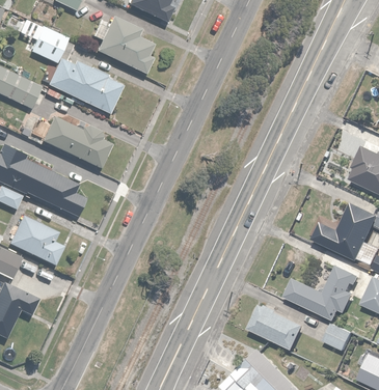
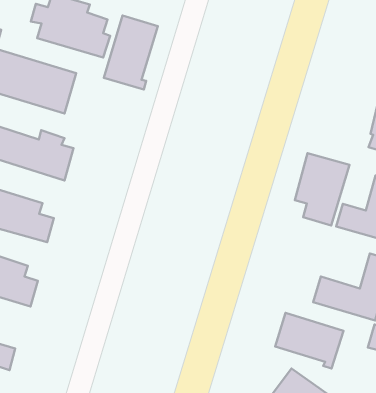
building: none -> [104,15,158,89]
building: none -> [295,153,349,225]

